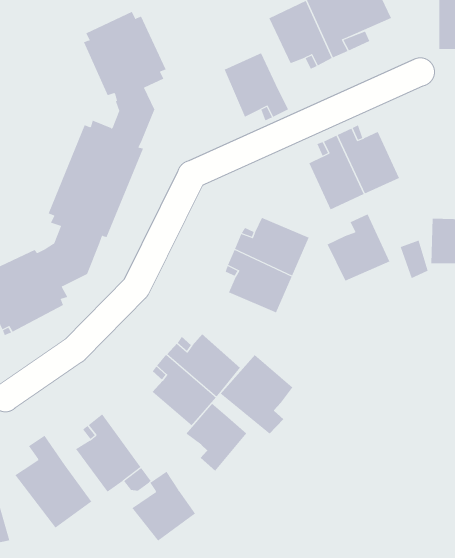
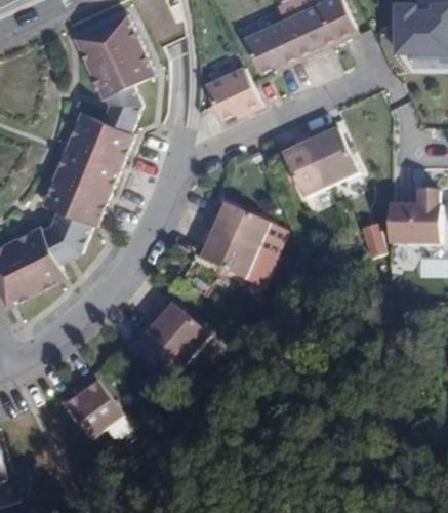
building: [327,213,390,281] -> none
building: [220,354,293,435] -> none
building: [186,403,247,471] -> none
building: [15,435,92,529] -> none
building: [132,471,196,542] -> none

